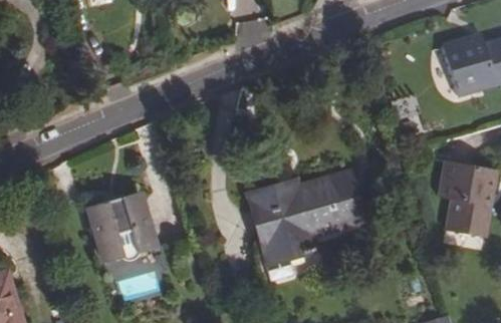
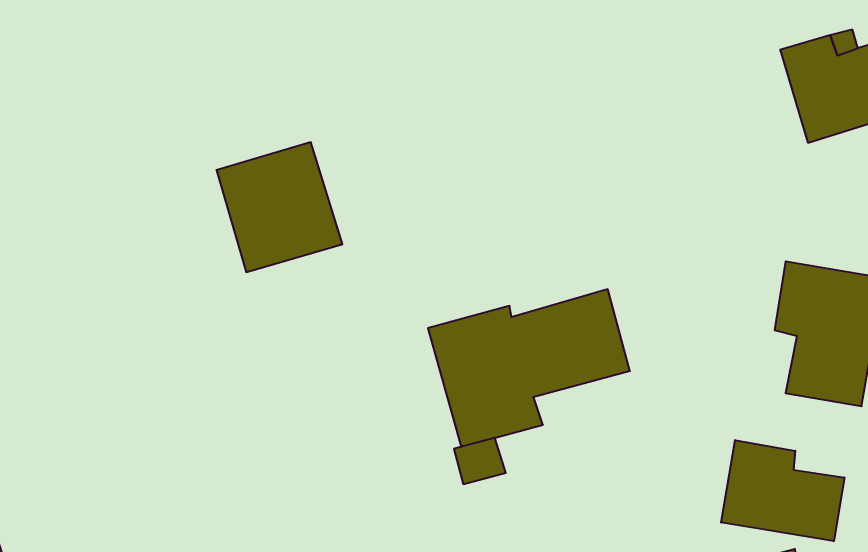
building: [87,193,156,263] -> [216,142,342,272]
building: none -> [721,440,844,541]

